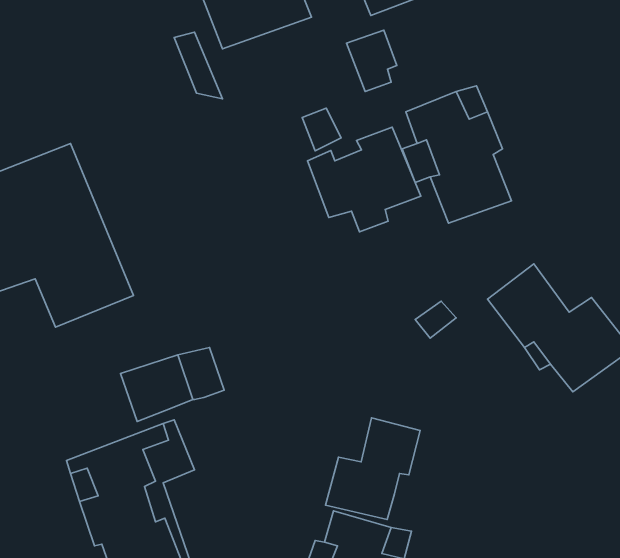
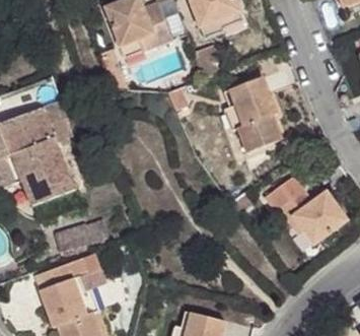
building: [308,127,421,232] -> none
building: [325,418,420,520] -> none

